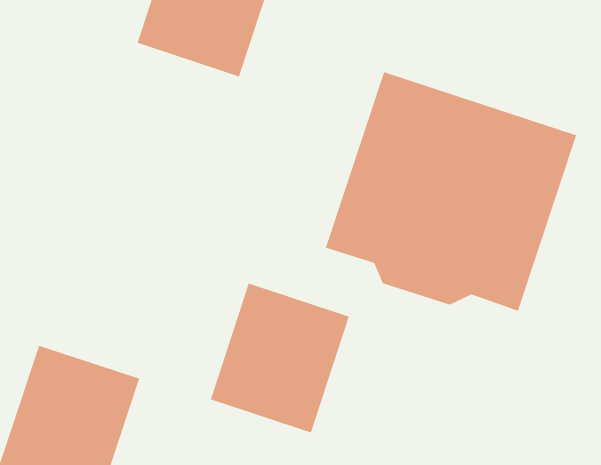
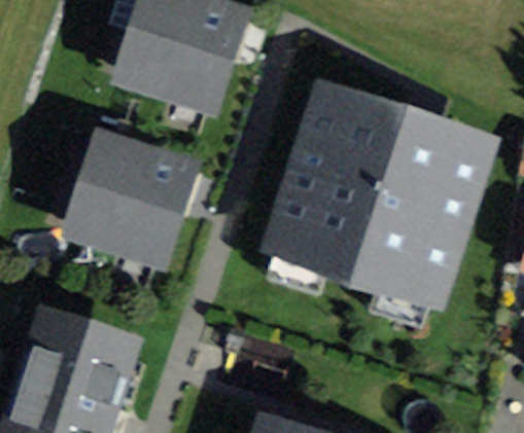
building: none -> [74,139,186,254]
building: [210,282,350,433] -> none

